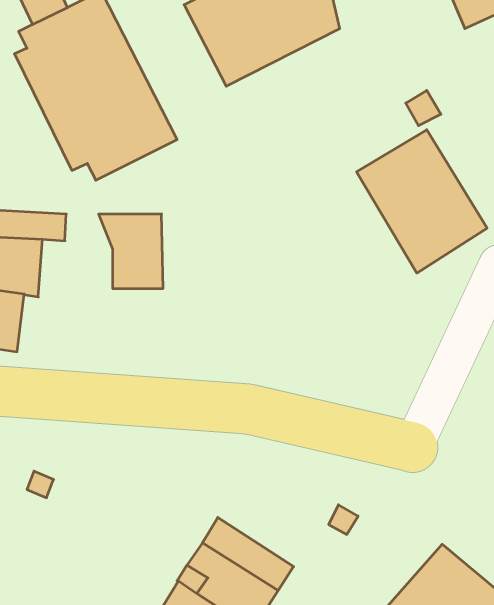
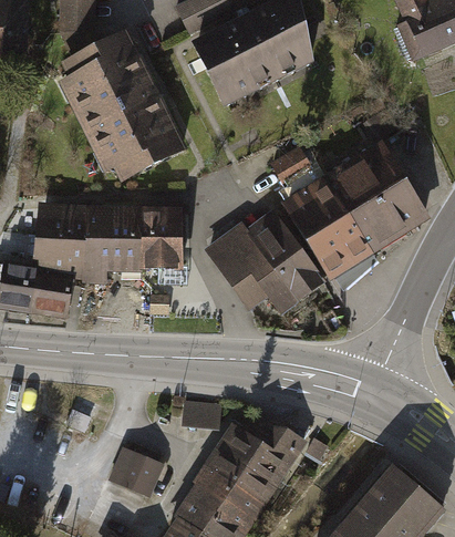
building: none -> [270,144,375,278]
building: none -> [76,206,135,275]
building: none -> [201,219,323,323]
building: none -> [182,397,220,427]
building: none -> [218,424,307,484]
building: none -> [107,446,163,496]

